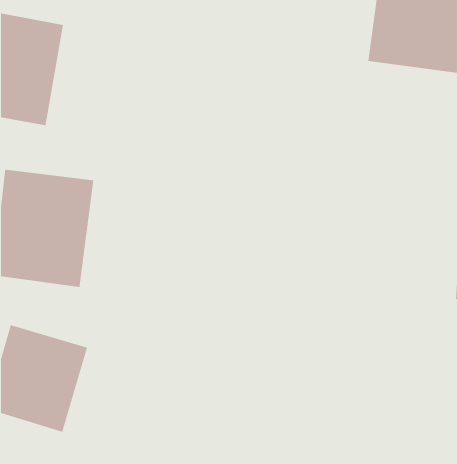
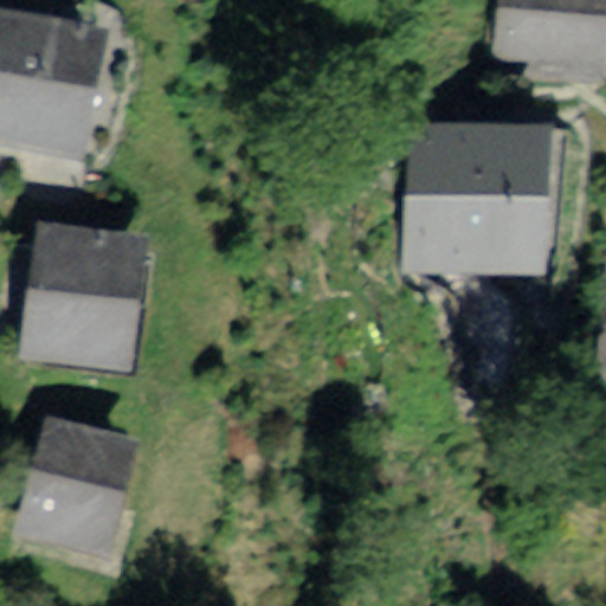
building: none -> [427,127,565,275]

